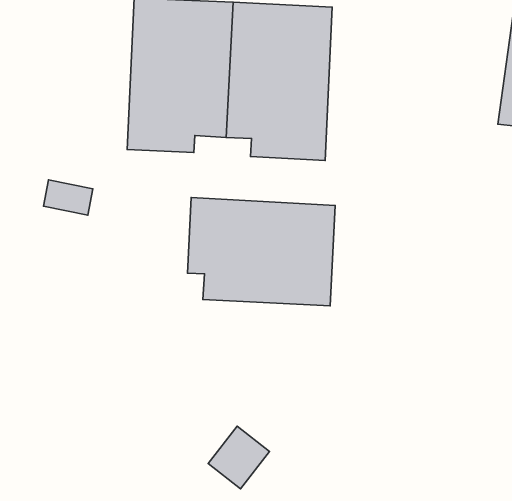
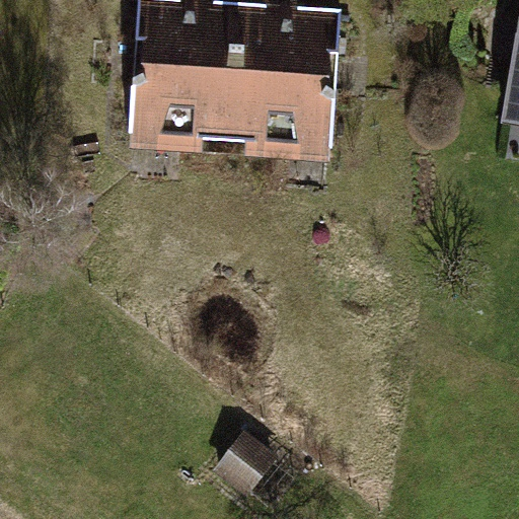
building: [187,198,335,306] -> none

